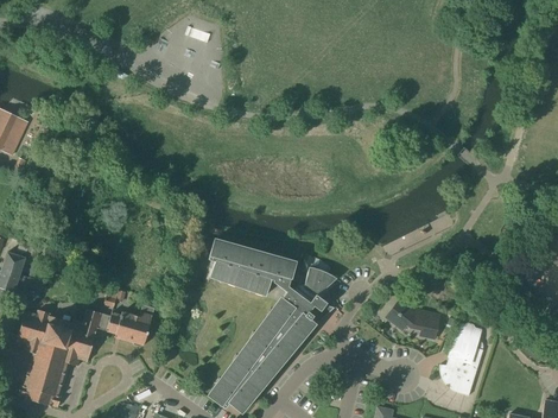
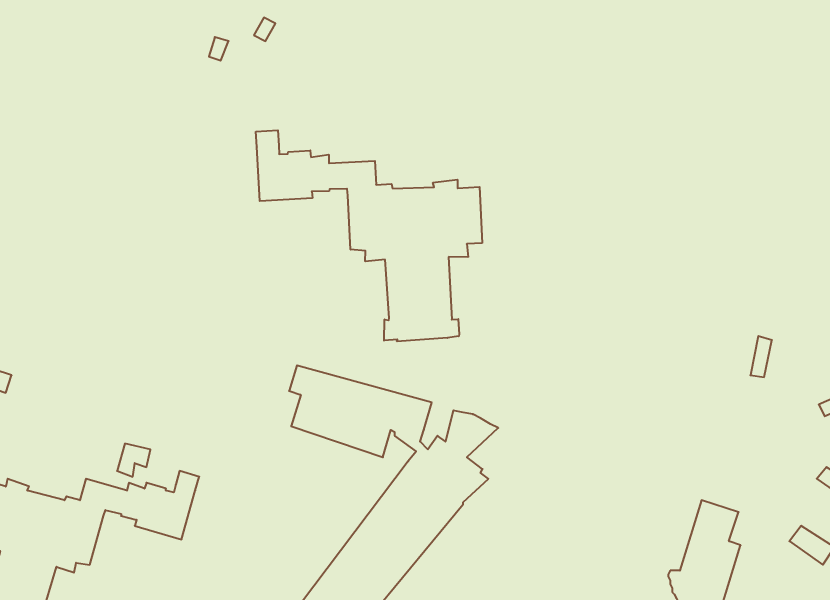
building: none -> [256,130,482,341]
building: [386,302,440,338] -> none

